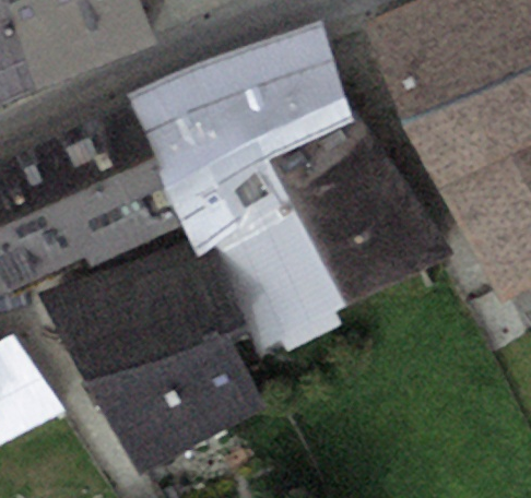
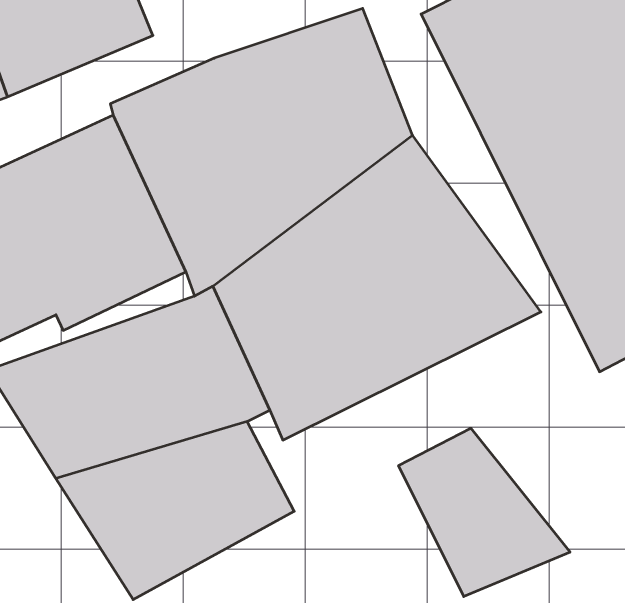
building: none -> [399,428,570,597]

